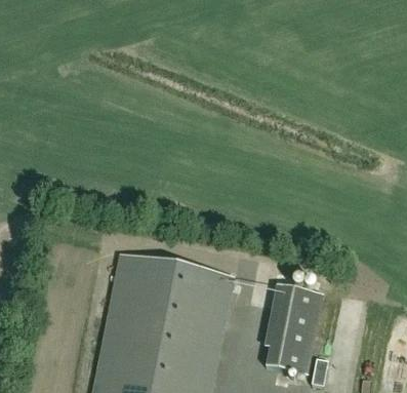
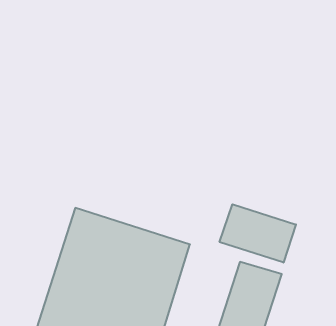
building: none -> [220,204,296,263]

